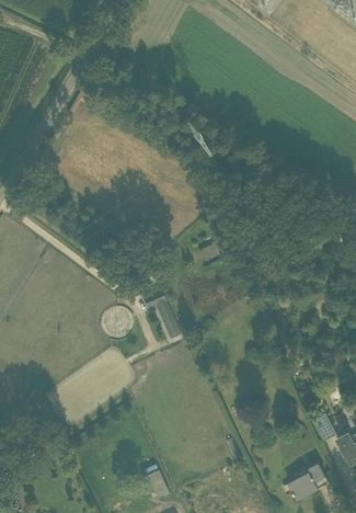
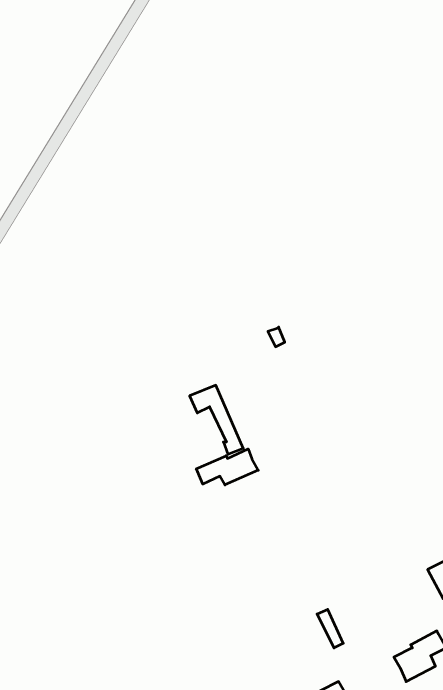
building: none -> [196,449,258,485]

